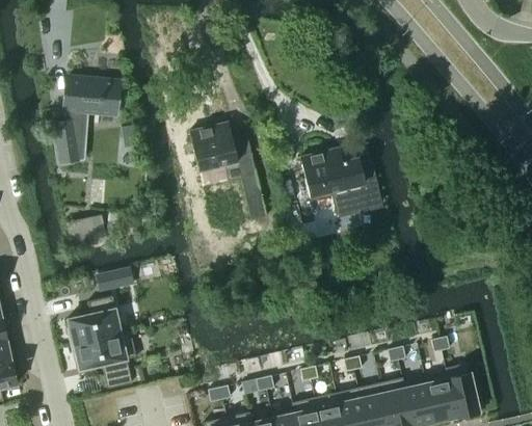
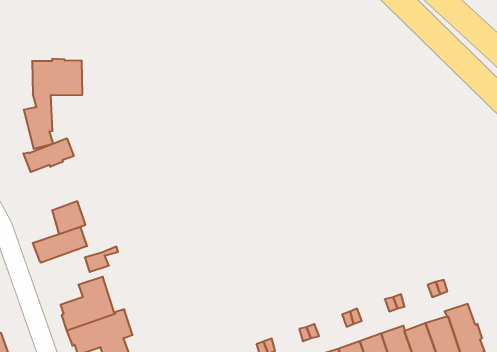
building: [189,123,266,220] -> none
building: [300,148,380,212] -> none
building: none -> [23,138,74,172]
building: none -> [33,227,87,263]

